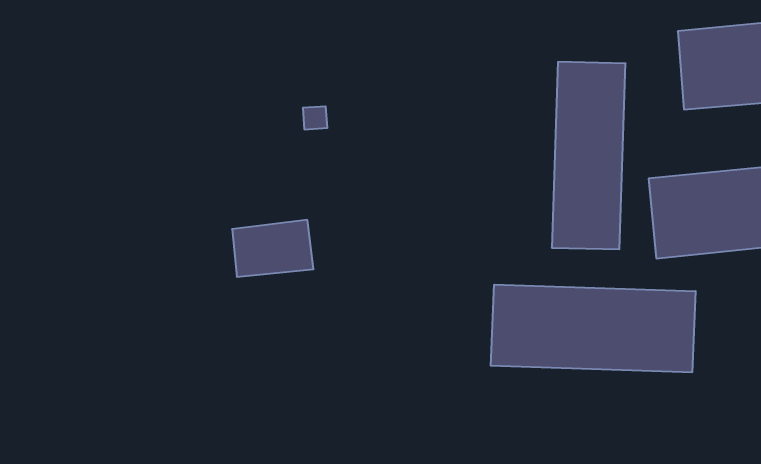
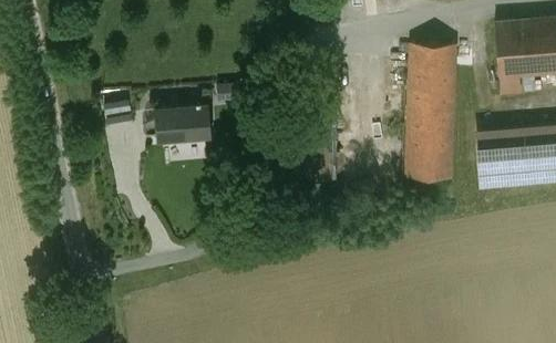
building: [232,220,314,277] -> [158,96,217,137]
building: [491,285,696,372] -> none

